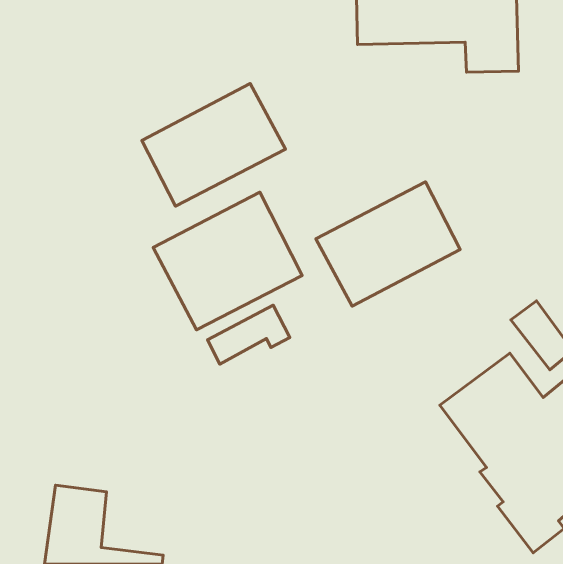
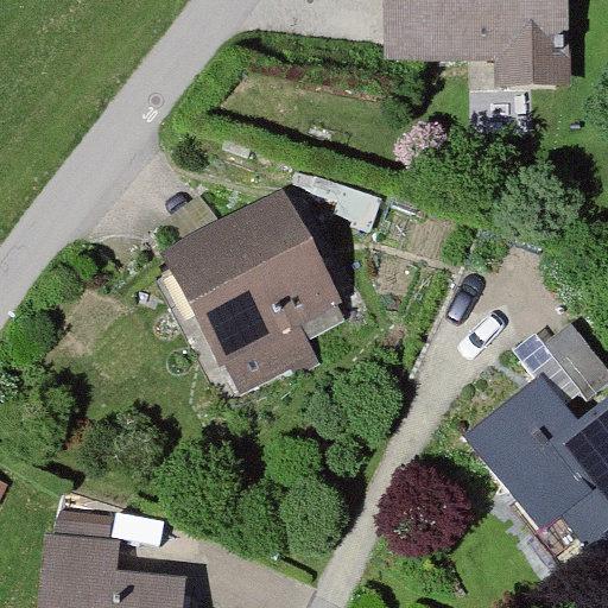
building: [142,83,286,206] -> none
building: [316,182,460,306] -> none

